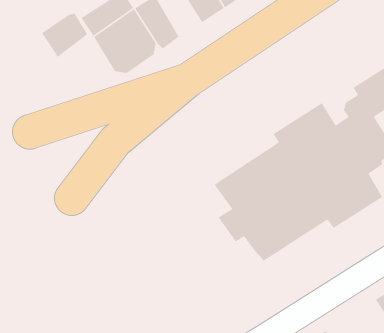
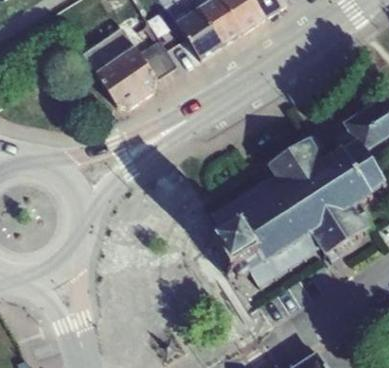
building: [41,13,88,58] -> none

